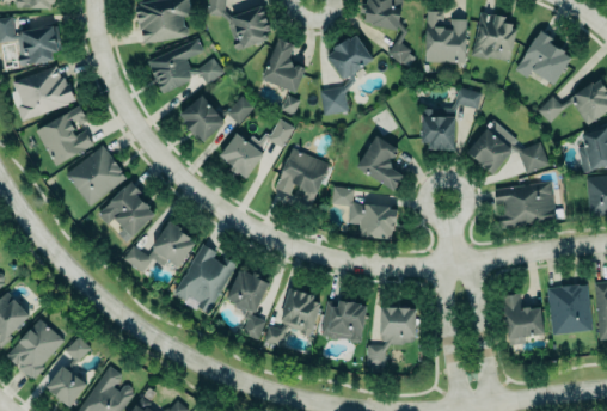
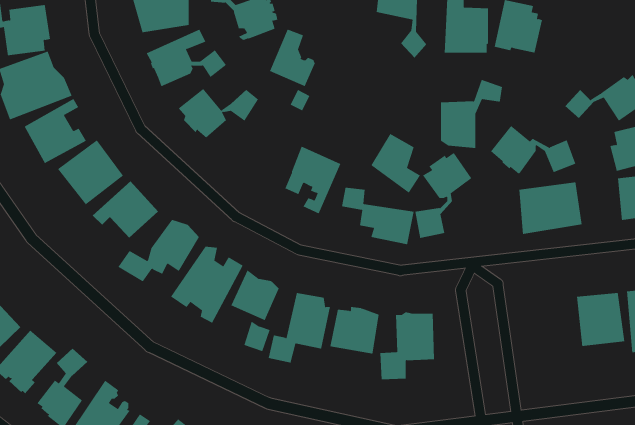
building: [516,31,572,86] -> none
building: [320,36,374,116] -> [414,152,472,238]
building: [220,119,294,178] -> none
building: [502,294,545,339] -> none

